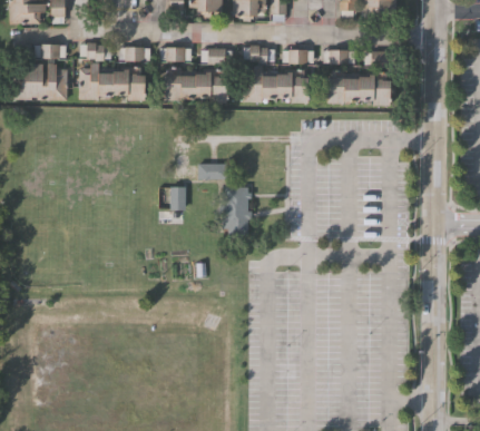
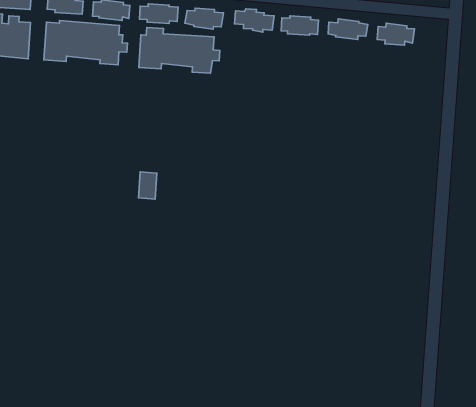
building: [244,66,313,102] -> none
building: [329,70,398,106] -> none
building: [199,163,227,178] -> none
building: [224,186,253,236] -> none

